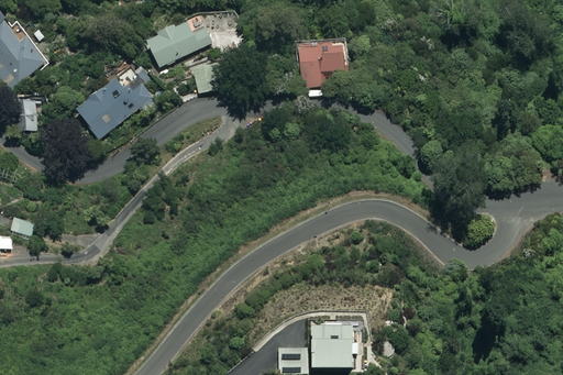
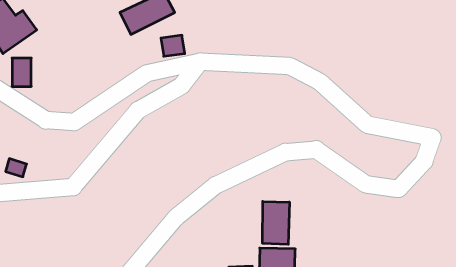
building: [300,44,346,87] -> none
building: [76,77,151,136] -> none
building: none -> [263,201,289,244]

